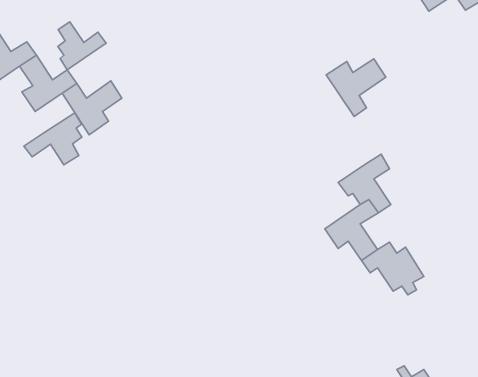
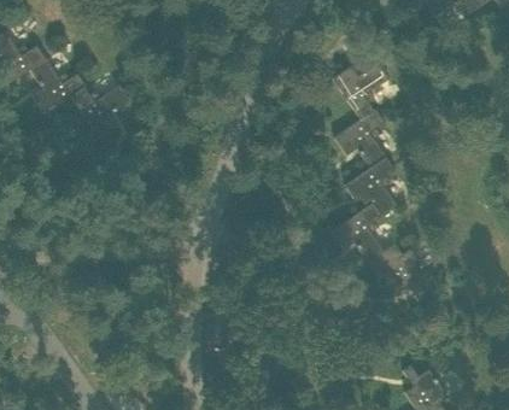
building: [58,22,106,70] -> none
building: none -> [334,110,387,166]
building: [24,113,82,165] -> none

